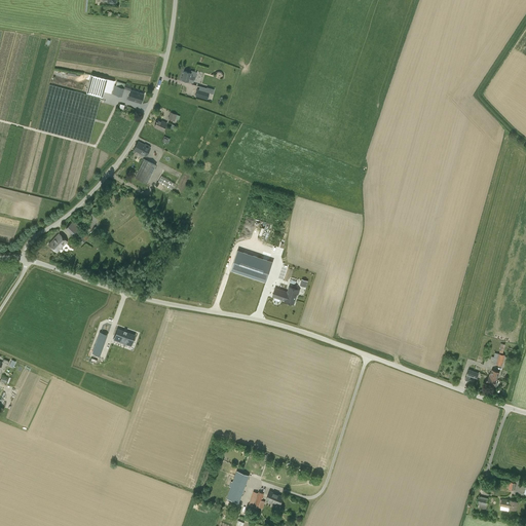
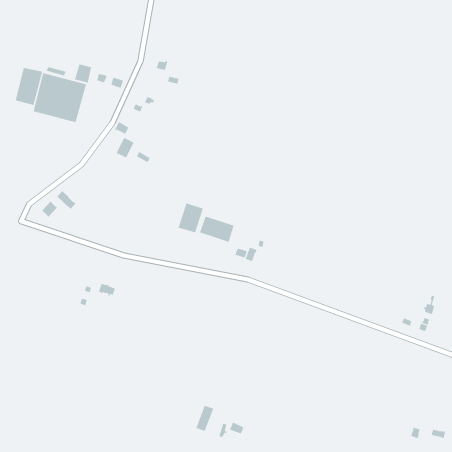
building: none -> [15,67,43,106]
building: none -> [178,203,203,233]

